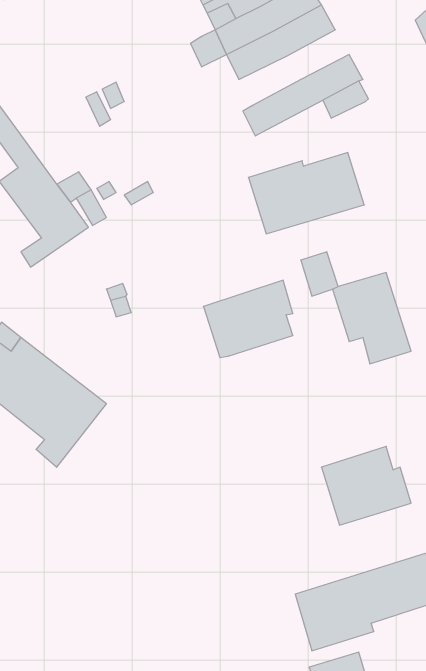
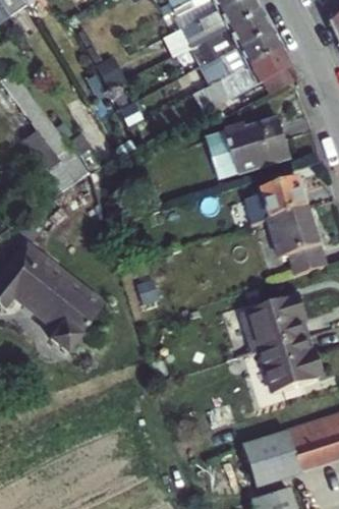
building: none -> [200,27,281,83]
building: none -> [264,177,308,217]
building: [203,280,293,358] -> [242,294,308,351]

